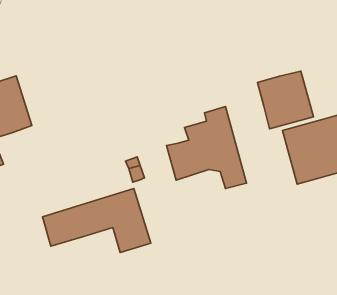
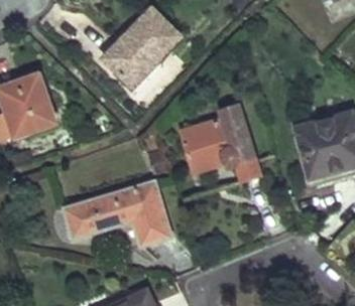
building: none -> [103,7,181,82]
building: [258,71,314,129] -> none

